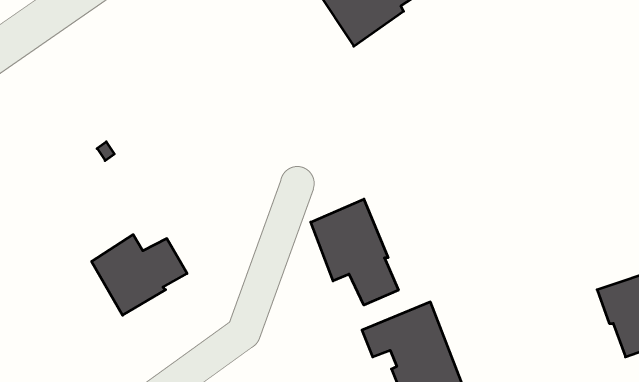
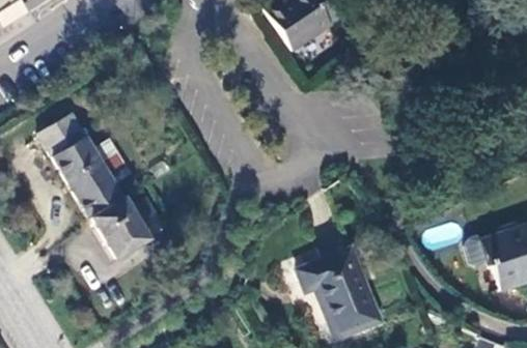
building: none -> [39,116,133,220]
building: [311,199,398,305] -> none

